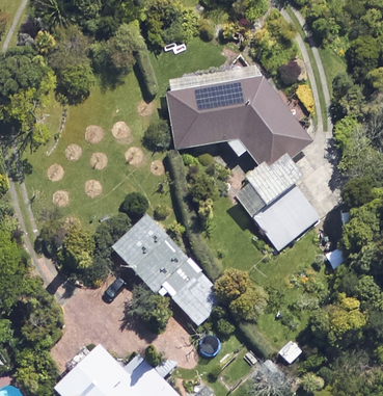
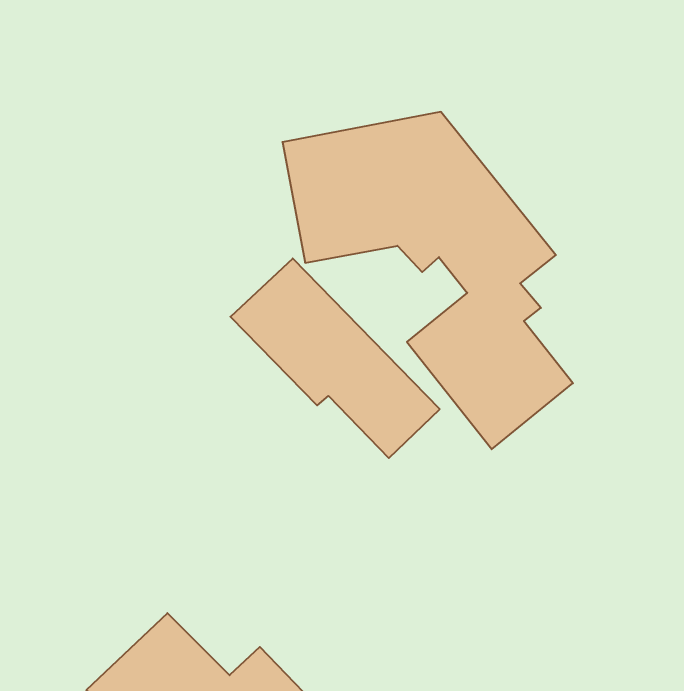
building: [111,214,226,324] -> [230,258,440,458]

